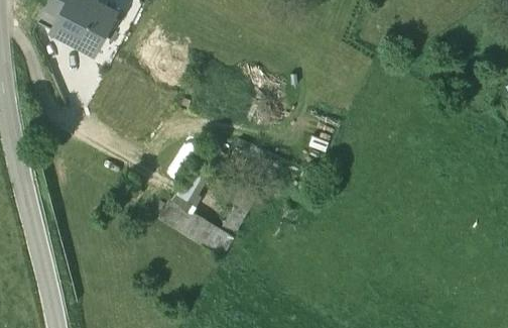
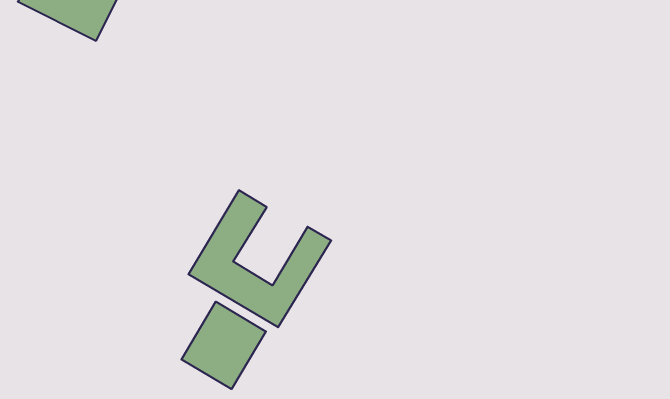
building: none -> [181,302,266,389]

